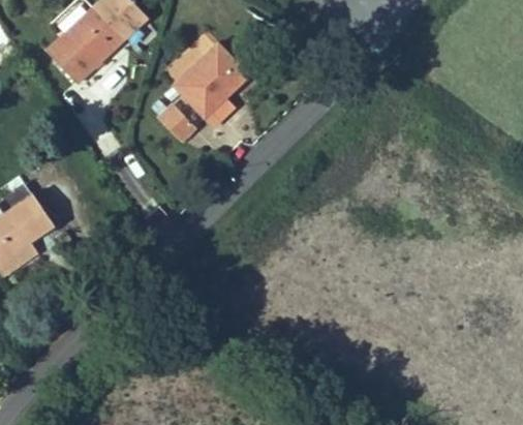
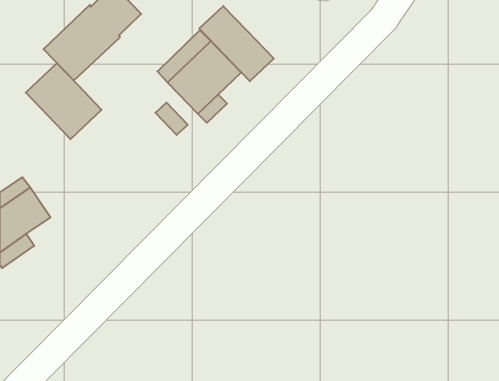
building: none -> [199,6,274,81]
building: none -> [26,63,102,139]

